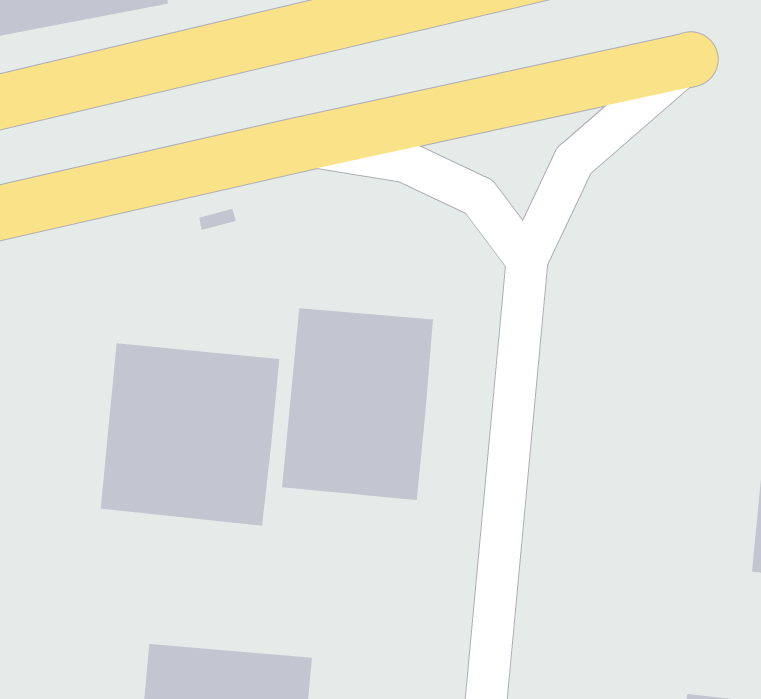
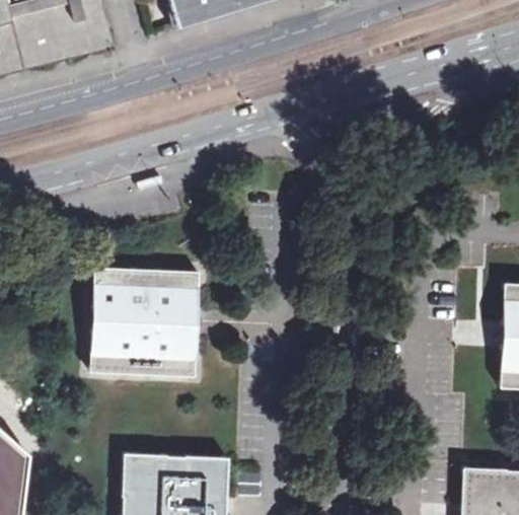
building: [282,308,434,501] -> none

